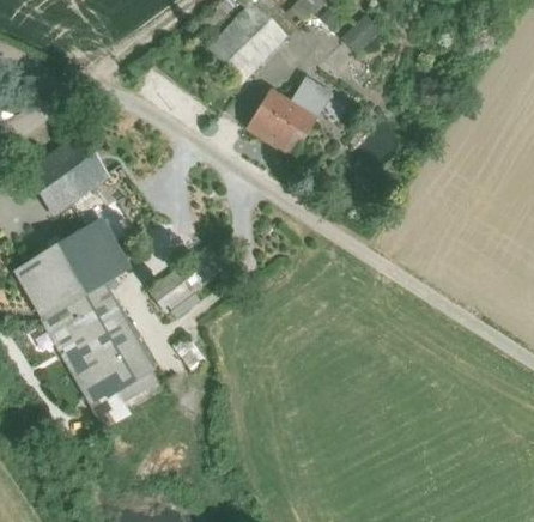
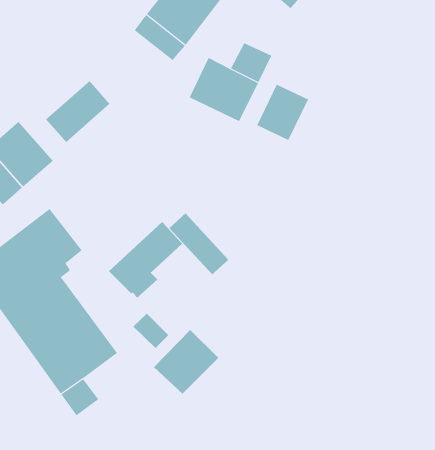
building: none -> [45,80,110,143]
building: none -> [256,84,309,141]
building: none -> [169,213,229,275]
building: none -> [153,329,219,395]

